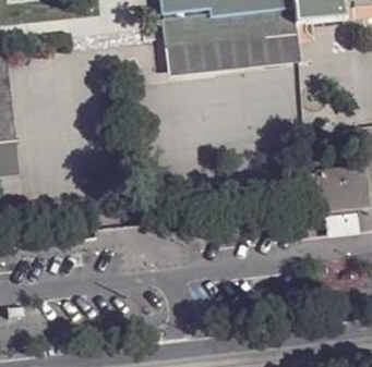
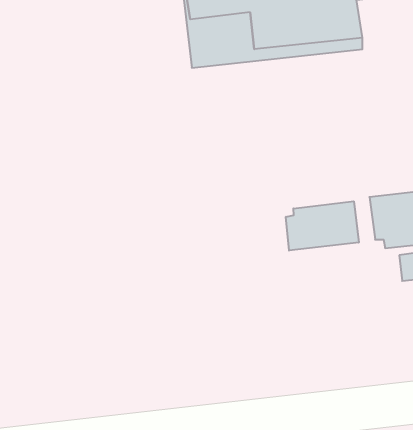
building: none -> [286,201,359,251]

